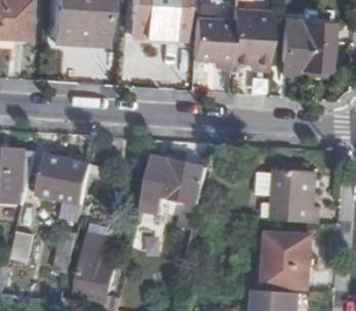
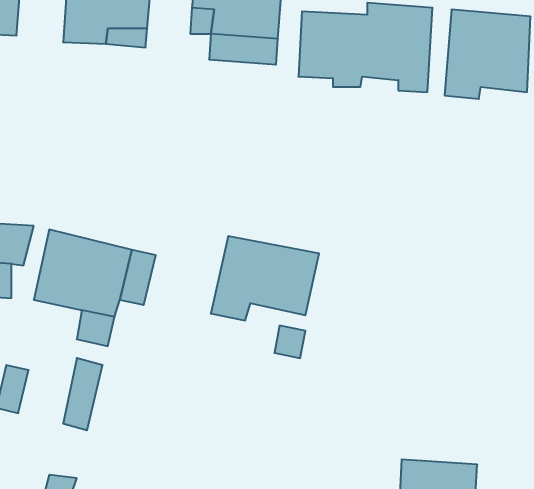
building: [254,169,316,221] -> none
building: [265,232,311,288] -> none
building: [75,234,114,300] -> none

